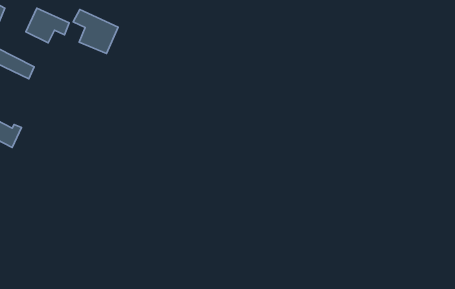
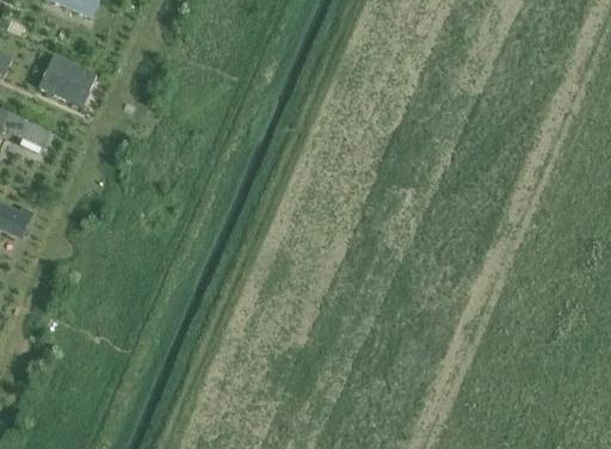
building: [73,9,118,53] -> none

